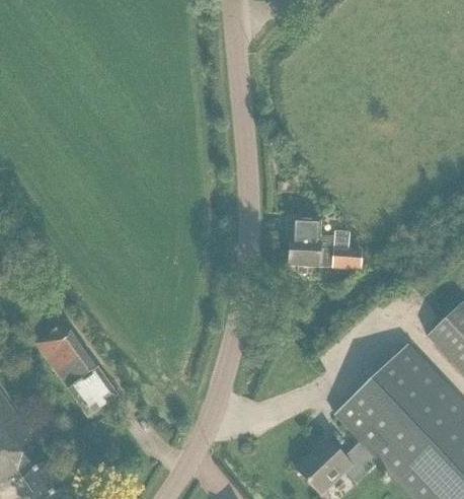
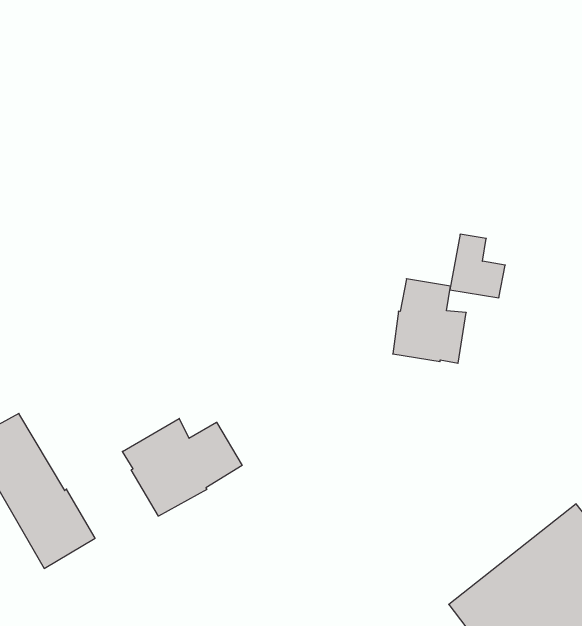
building: [330,231,363,268] -> [450,234,505,298]
building: none -> [122,418,242,516]

